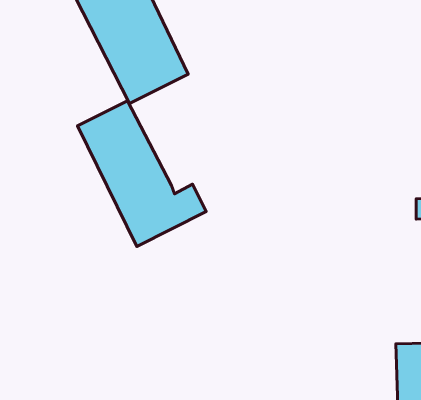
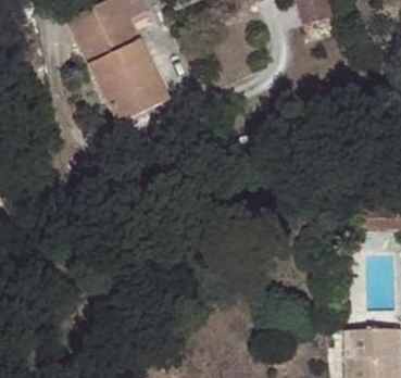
building: [77,101,206,246] -> none

